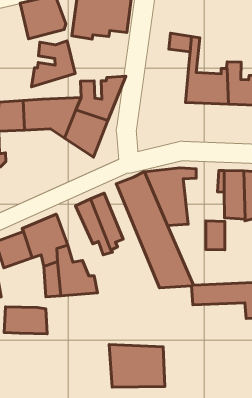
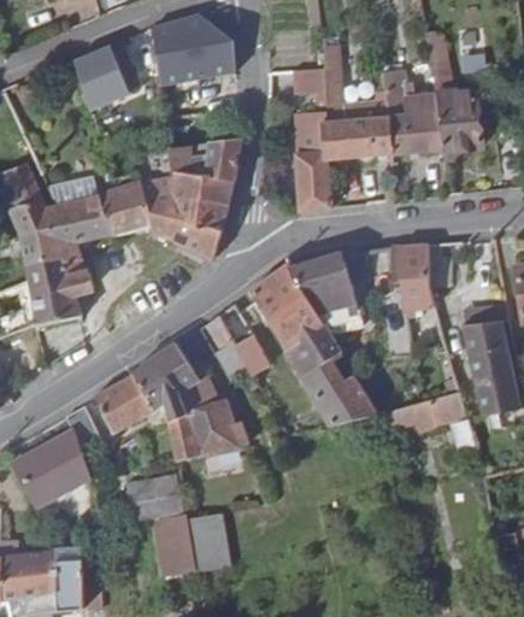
building: [32,41,75,87] -> none
building: none -> [295,107,331,210]
building: [109,344,165,387] -> [147,511,234,578]

